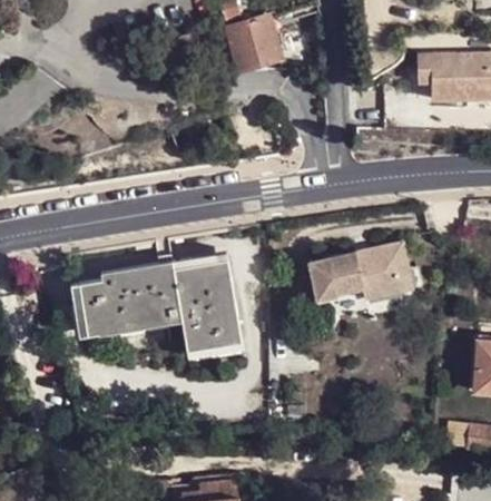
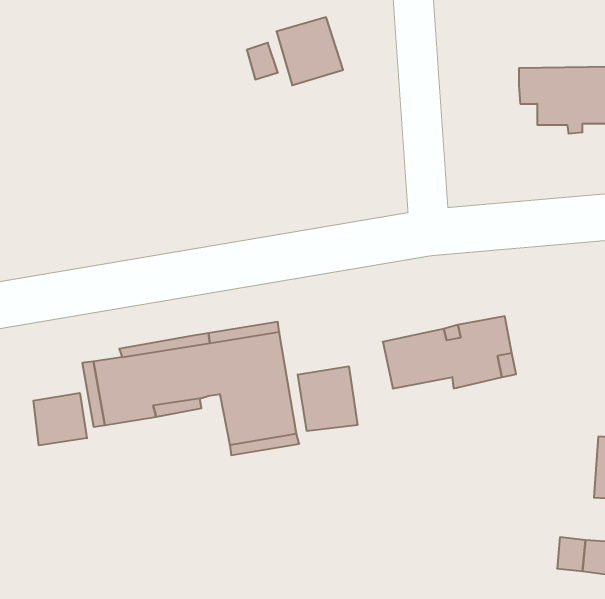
building: none -> [298,366,357,431]
building: none -> [33,393,87,445]

